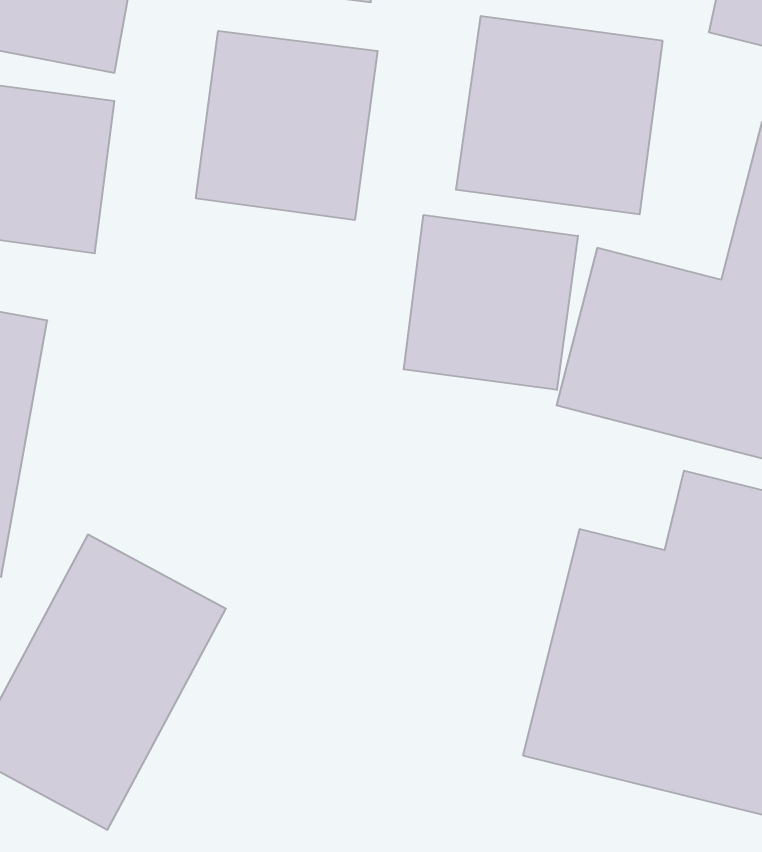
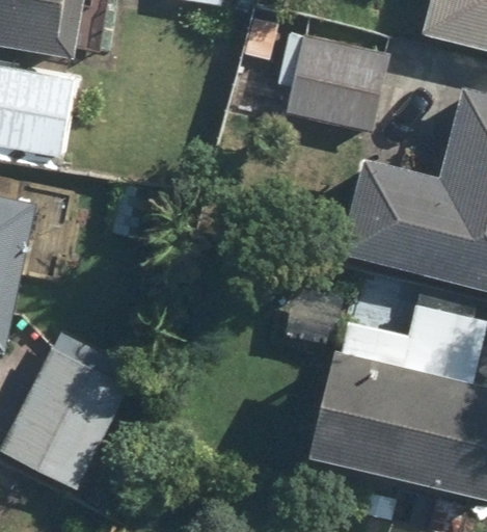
building: [196,31,378,220] -> none
building: [404,215,578,390] -> none

